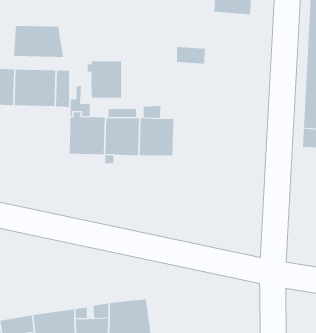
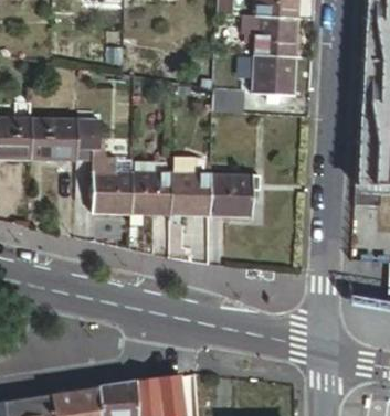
building: none -> [253,54,296,104]
building: [14,25,64,58] -> none
building: [87,61,121,98] -> none
building: none -> [209,173,261,216]

